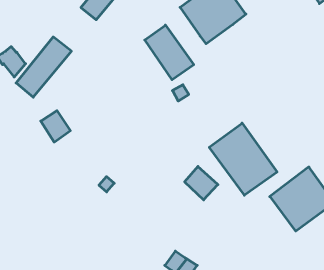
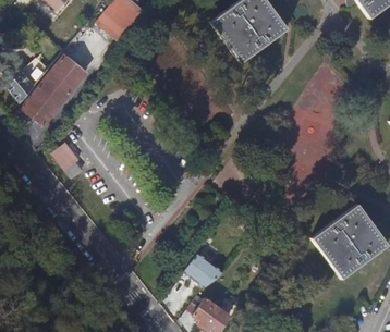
building: [145,25,194,80] -> none
building: [209,123,277,195] -> none
building: [185,166,218,200] -> [185,254,223,292]

